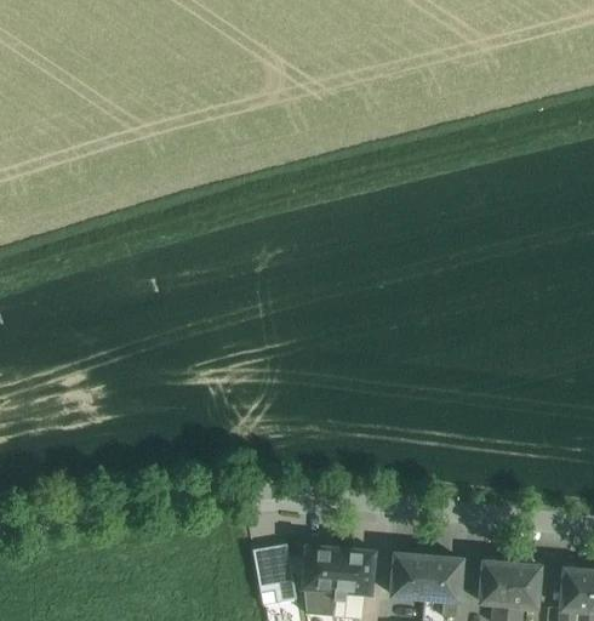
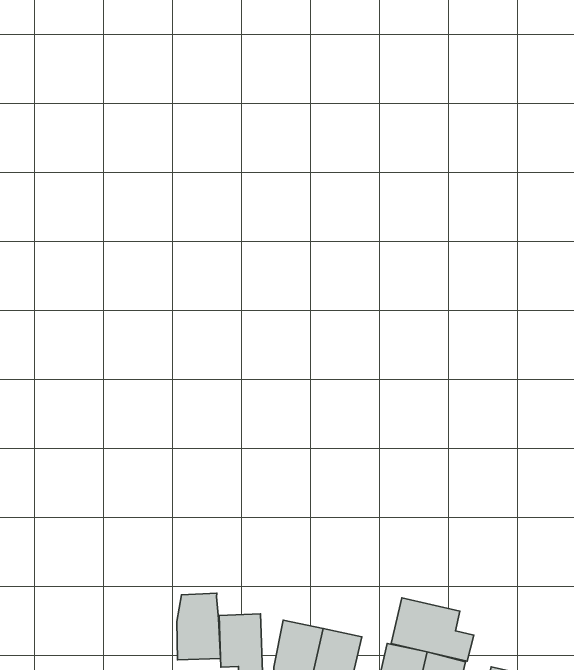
building: none -> [391,598,474,661]
building: none -> [177,593,221,660]

